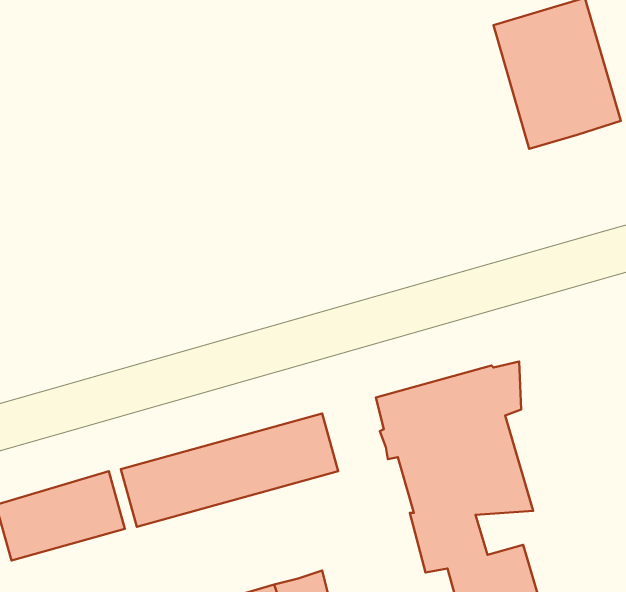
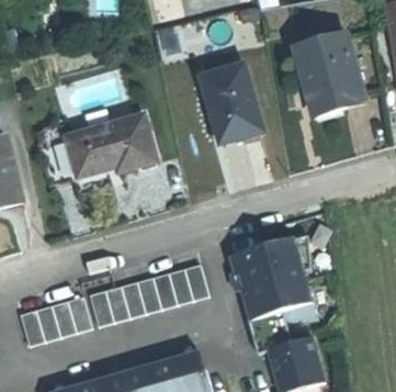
building: none -> [200,64,260,142]
building: none -> [66,117,155,180]

